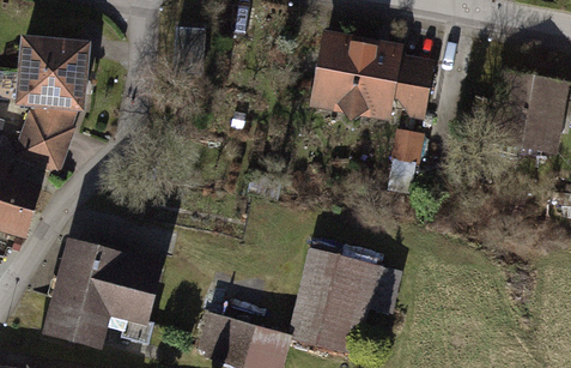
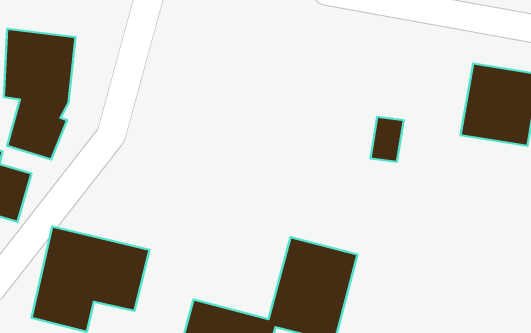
building: [314,32,437,122] -> none

